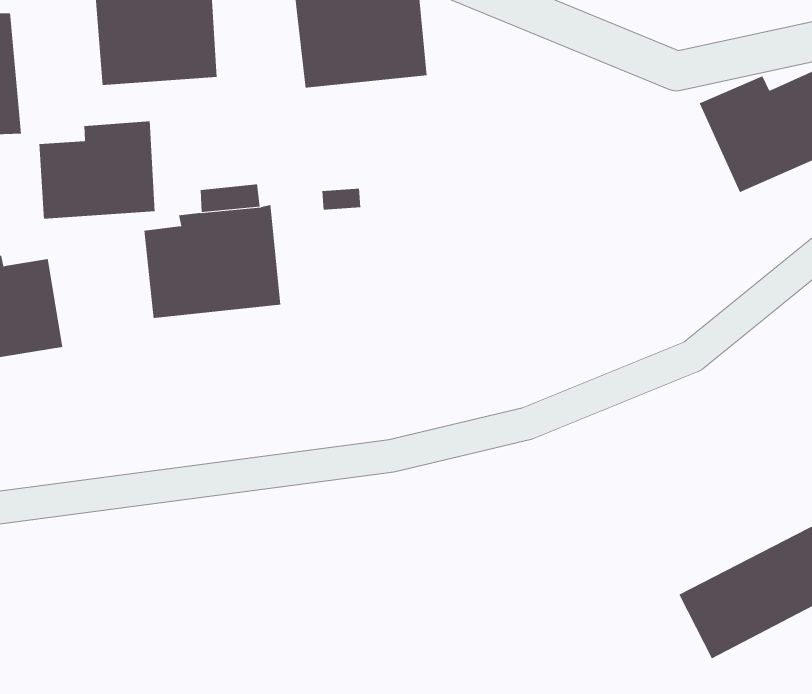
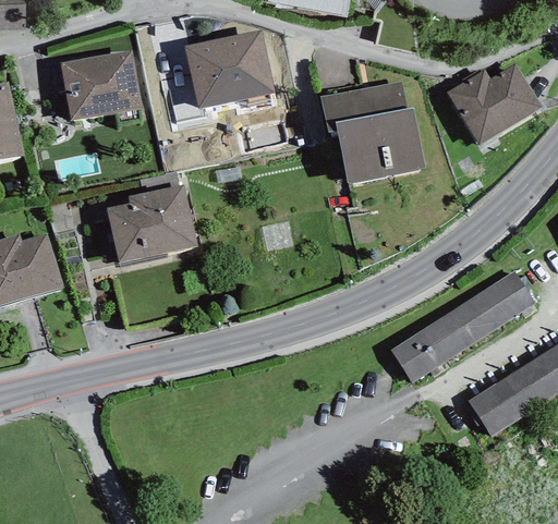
building: none -> [319,82,425,183]
building: [39,121,155,219] -> none
building: none -> [391,271,534,383]

